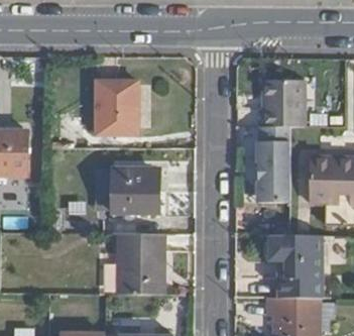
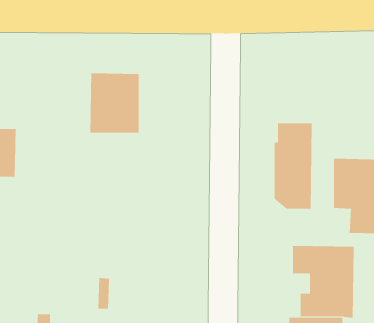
building: [260,79,307,124] -> none
building: [115,164,161,211] -> none
building: [119,232,162,294] -> none

